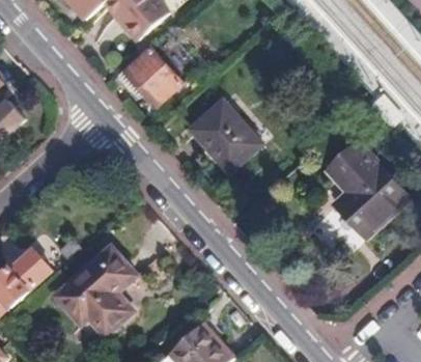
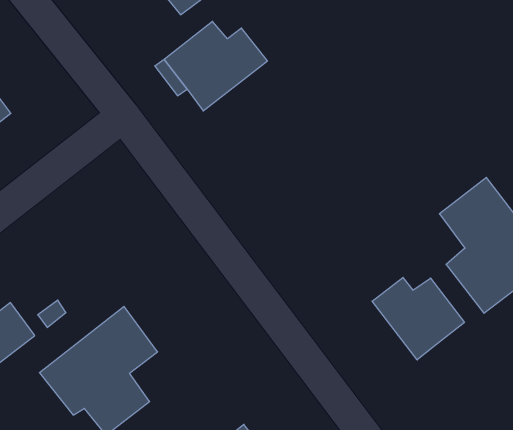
building: [187,95,262,171] -> none
building: none -> [372,277,464,360]

